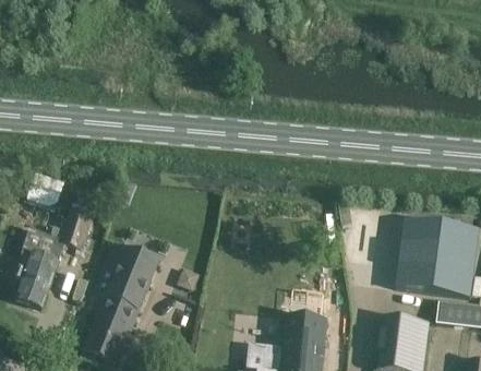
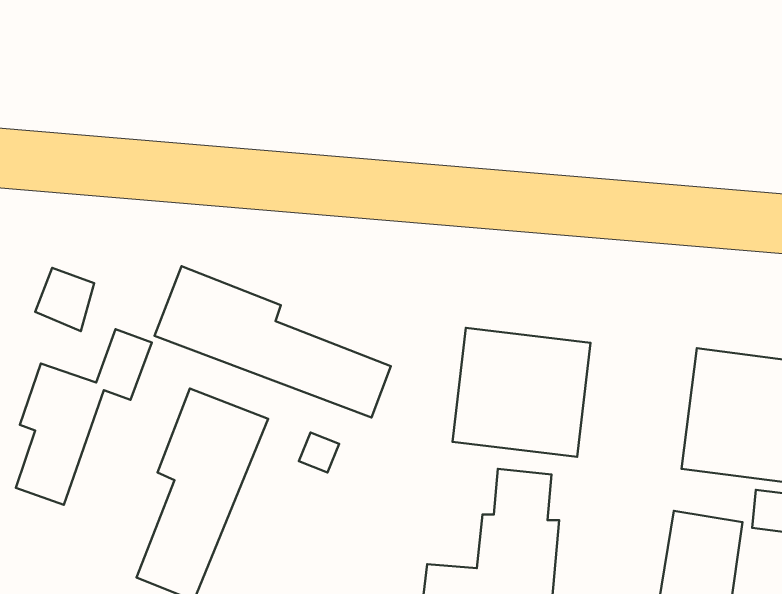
building: none -> [154,266,391,417]
building: none -> [452,328,590,457]

